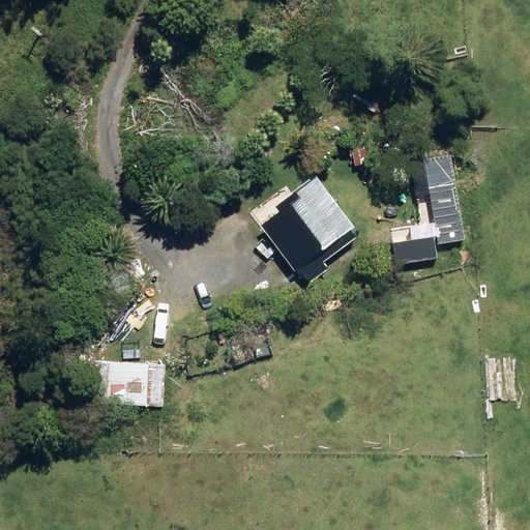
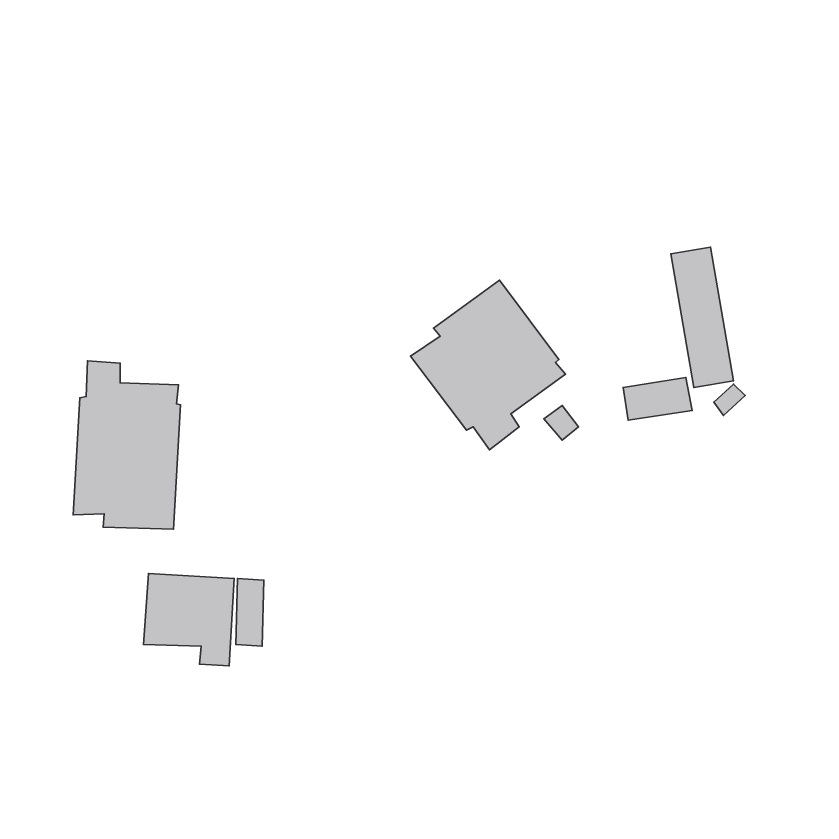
building: none -> [73,361,181,529]

